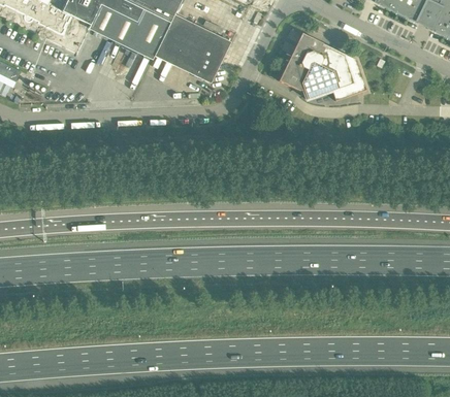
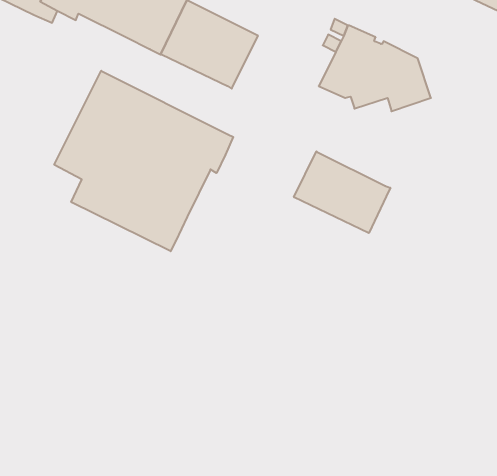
building: none -> [54,71,233,251]
building: none -> [294,151,390,233]

